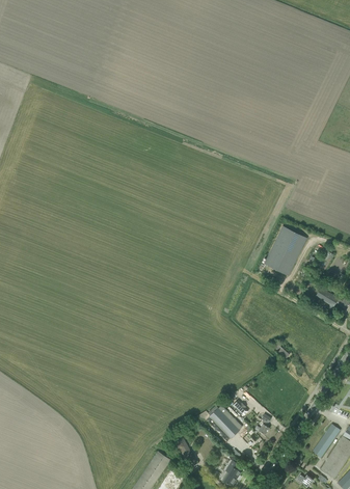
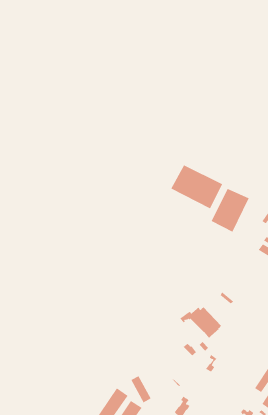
building: none -> [171,164,223,209]
building: [194,405,242,441] -> [179,307,222,339]

